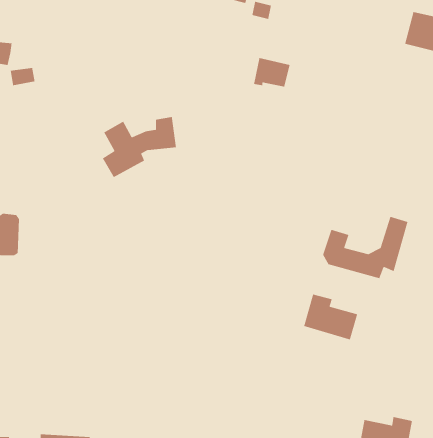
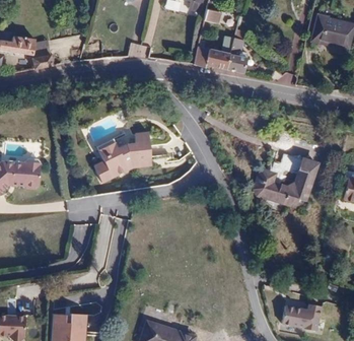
building: none -> [227,29,256,76]
building: [102,116,177,178] -> [95,136,148,180]
building: [303,293,358,340] -> none

